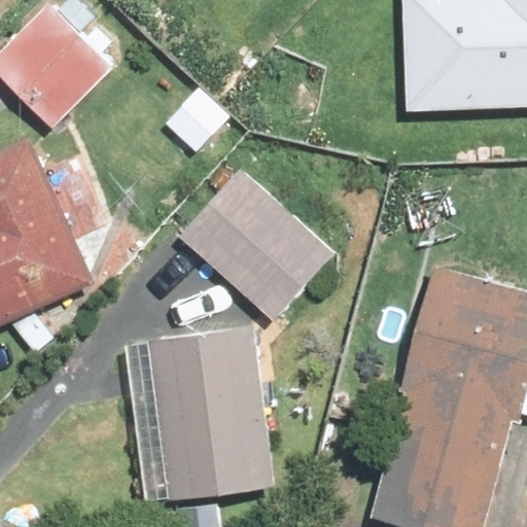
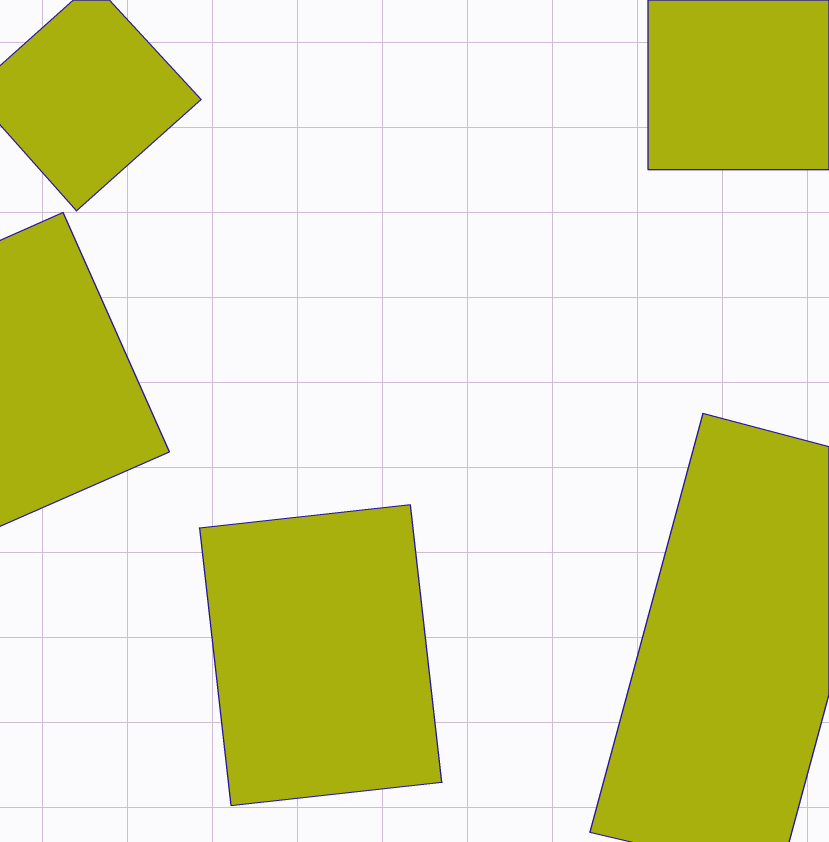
building: [172,159,347,327] -> none

